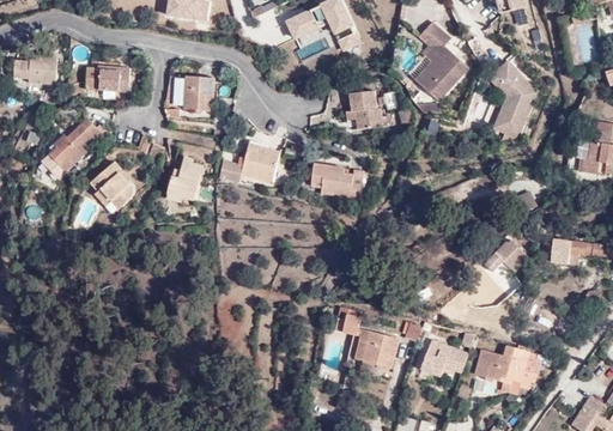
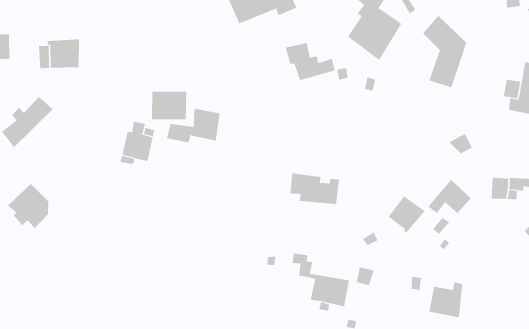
building: [176,72,216,104] -> [151,91,187,120]
building: [312,157,366,193] -> [289,173,340,204]
building: [89,160,133,208] -> [7,183,49,229]
building: none -> [388,196,425,234]
building: [419,340,466,375] -> none
building: [511,348,535,388] -> none

